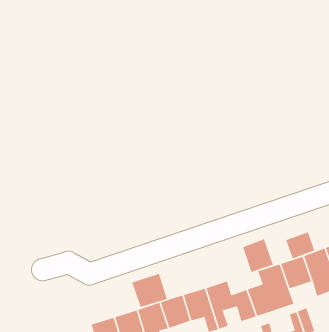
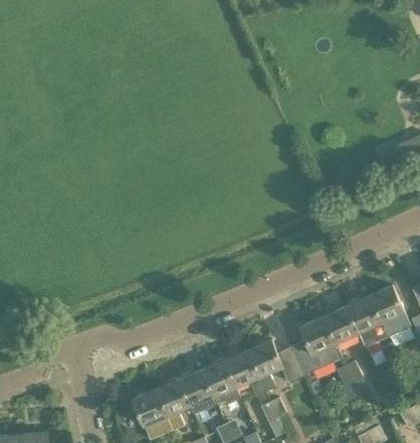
building: [285,231,315,259] -> none
building: [242,238,274,273] -> none
building: [131,273,168,308] -> none

